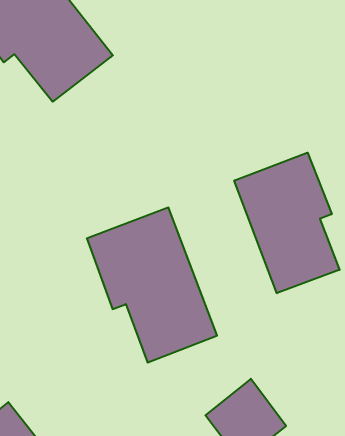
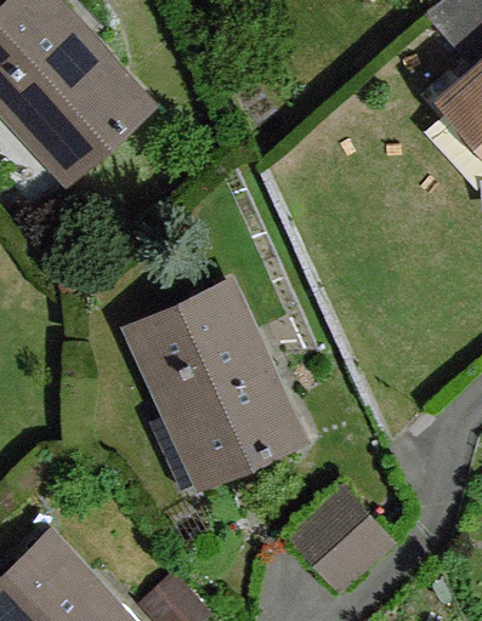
building: [234,153,340,293] -> none

